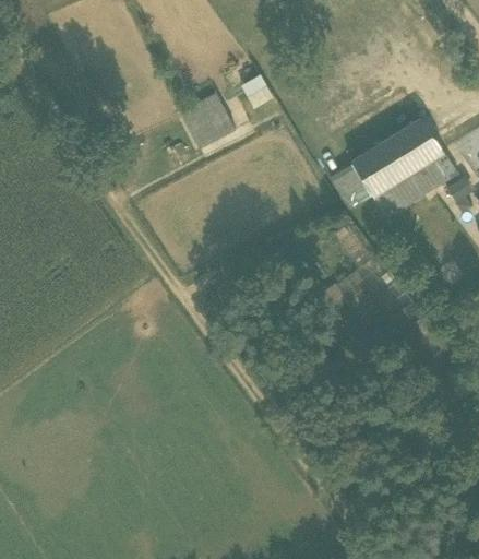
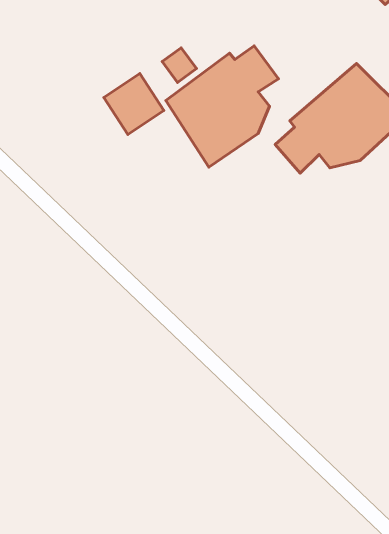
building: none -> [166,46,278,167]

